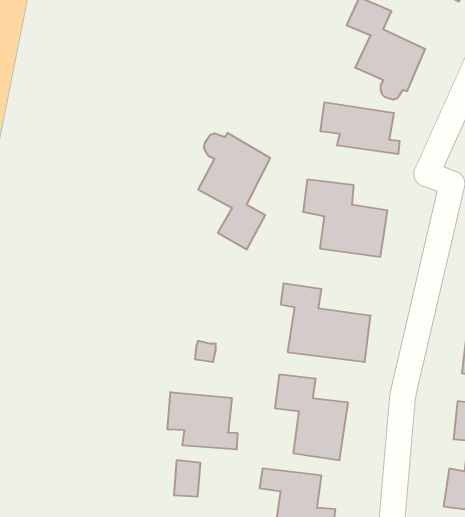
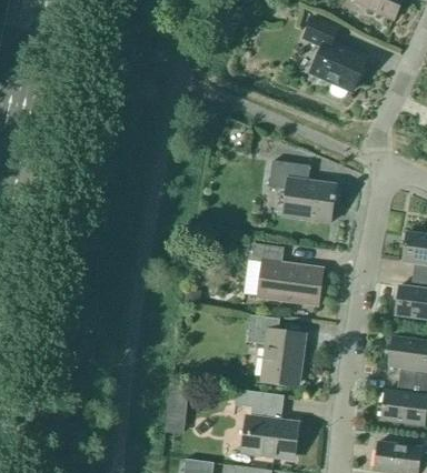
building: [321,102,400,154] -> none
building: [198,133,270,250] -> none
building: [168,392,237,450] -> none

